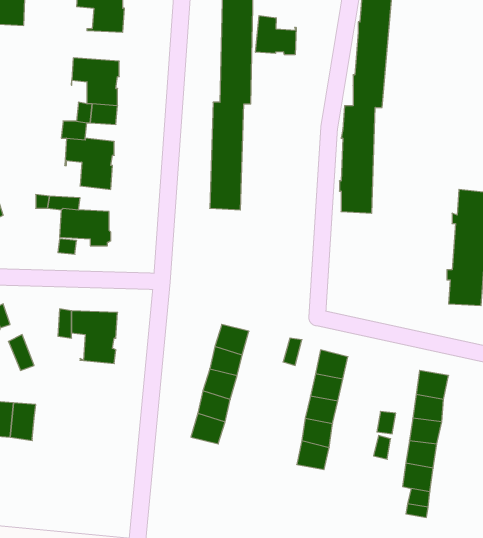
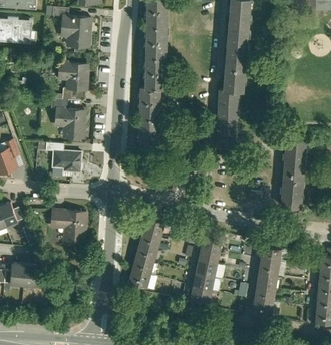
building: [256,16,296,55] -> none

